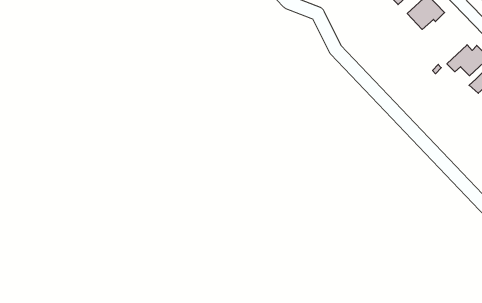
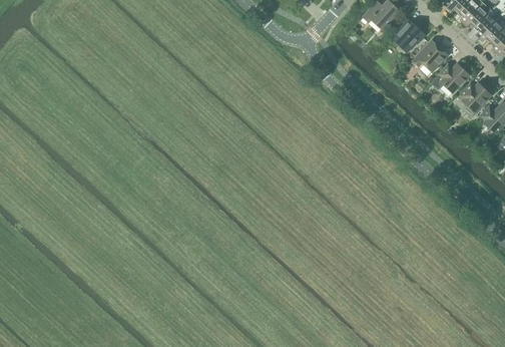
building: none -> [414,40,449,72]

